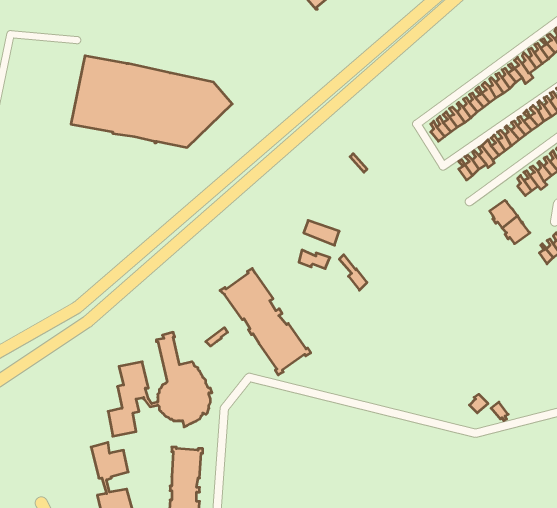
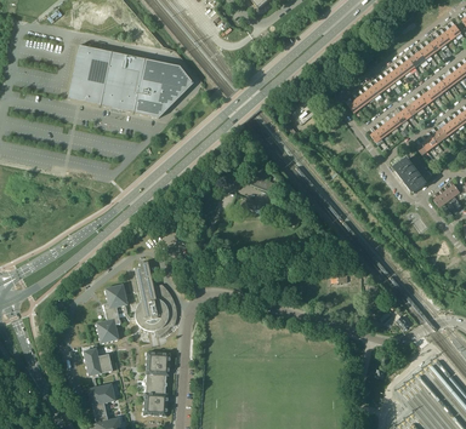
building: [220,268,311,375] -> none

